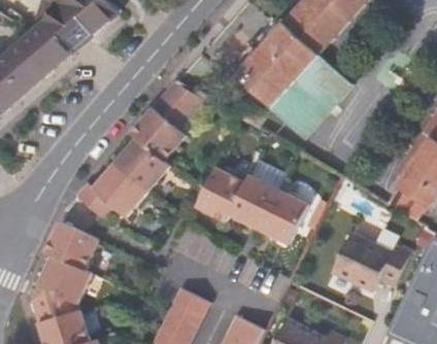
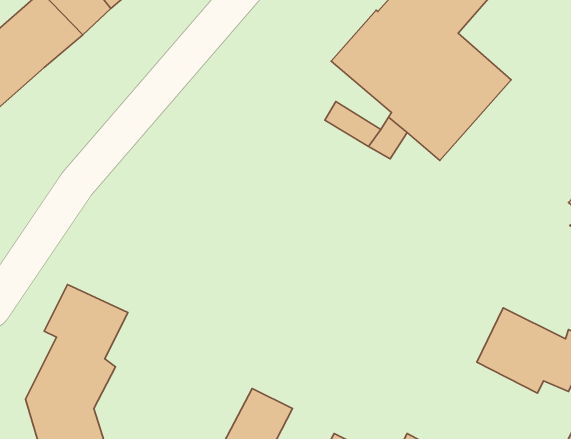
building: [75,76,203,220] -> none
building: [198,168,310,246] -> none

